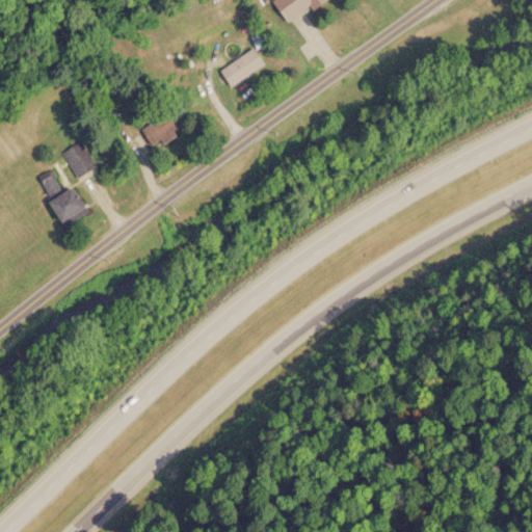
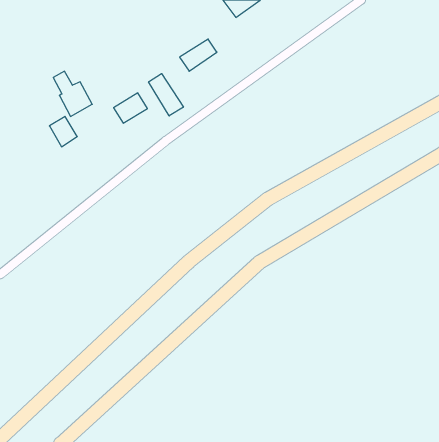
building: none -> [149,74,183,116]
building: [39,172,86,227] -> [53,71,92,116]

